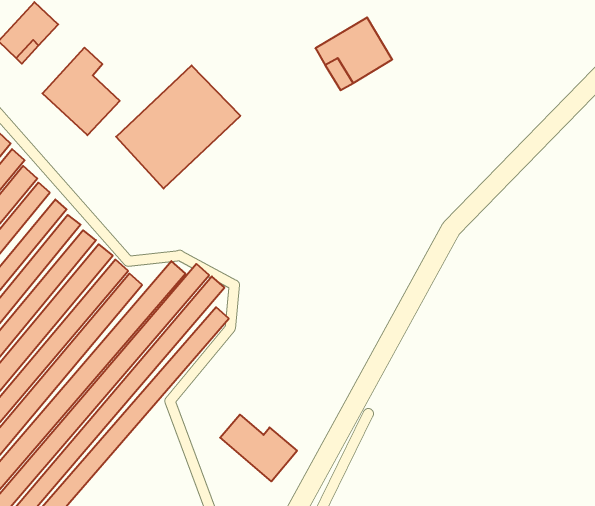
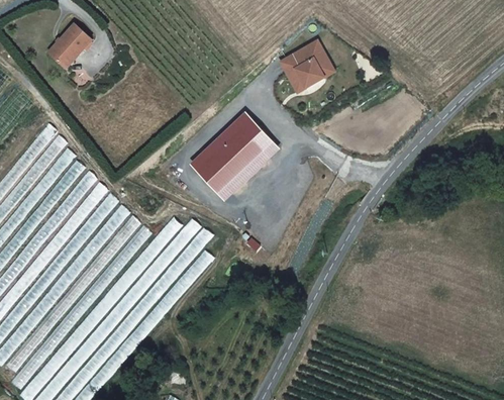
building: [42,48,120,135] -> none
building: [116,65,240,189] -> [189,111,279,200]
building: [220,415,297,481] -> none

